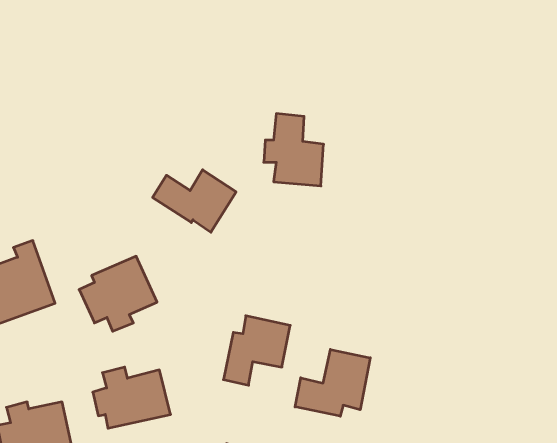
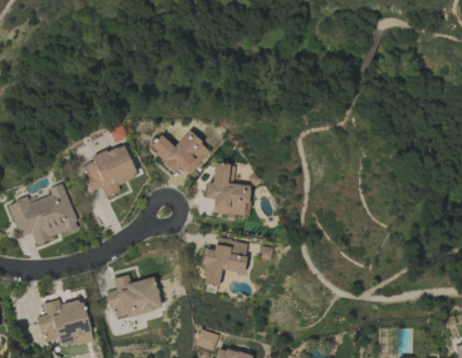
building: [264,114,324,186] -> [206,163,249,216]
building: [79,256,157,331] -> [82,143,138,198]
building: [295,349,370,416] -> none

